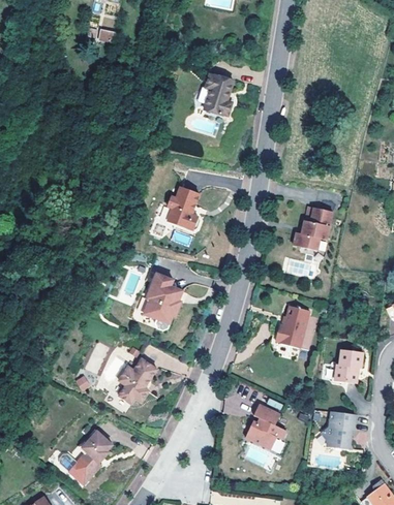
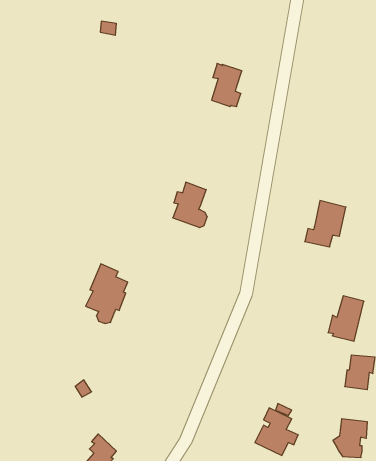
building: [143,277,183,334] -> [86,264,128,323]
building: [276,303,310,346] -> [328,296,364,341]
building: [120,354,159,402] -> none

